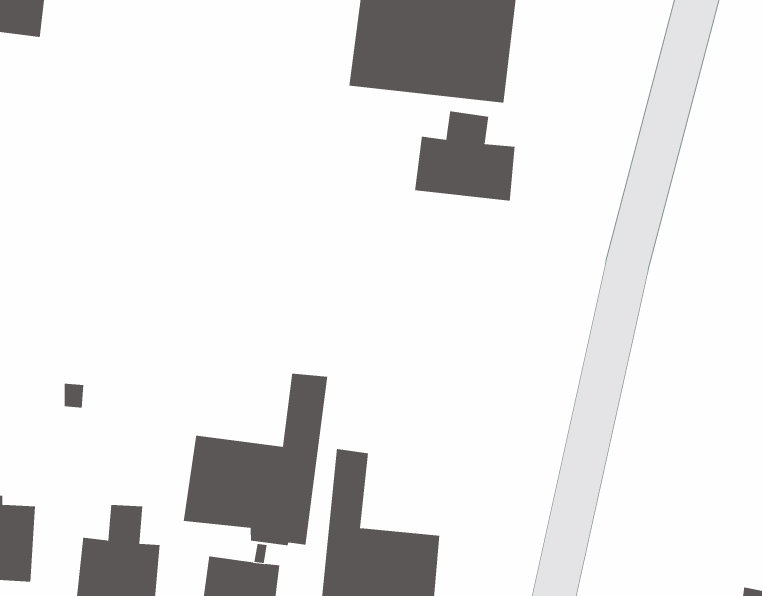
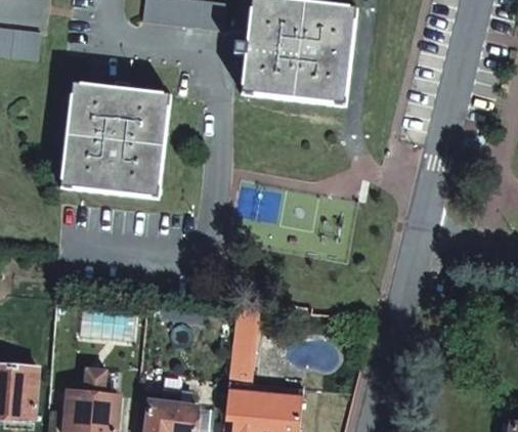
building: none -> [62,83,168,196]
building: [415,110,515,201] -> none
building: [183,373,328,546] -> none

